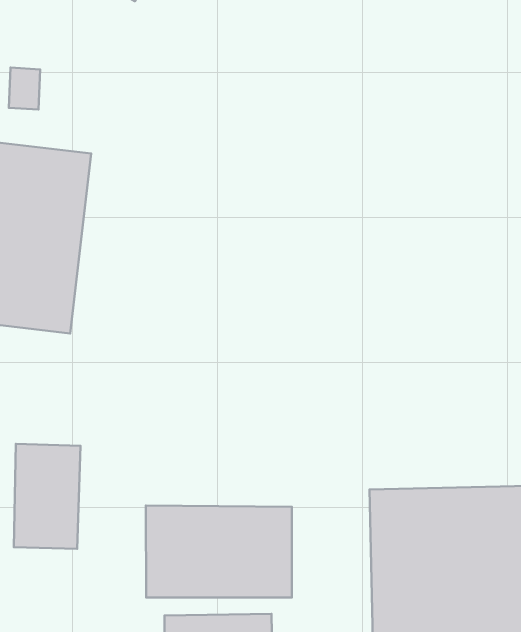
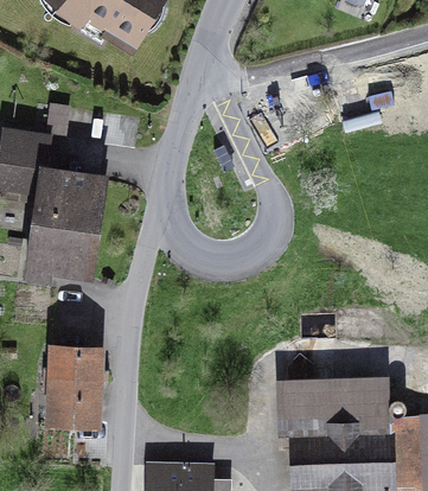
building: [146,505,292,598] -> none

